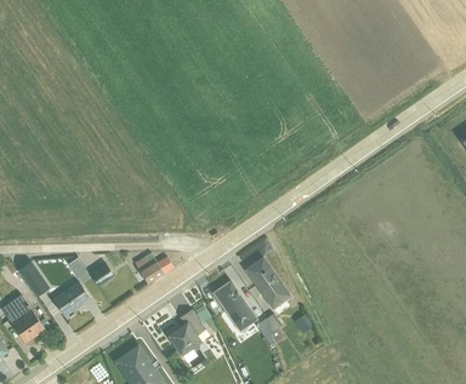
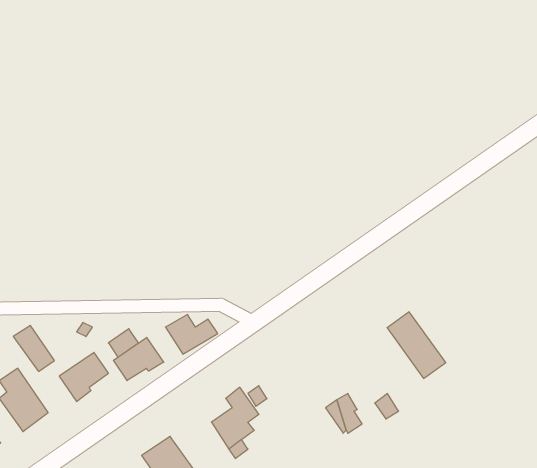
building: [245,258,290,309] -> [387,312,446,378]
building: none -> [113,337,164,381]
building: [212,281,256,332] -> none

